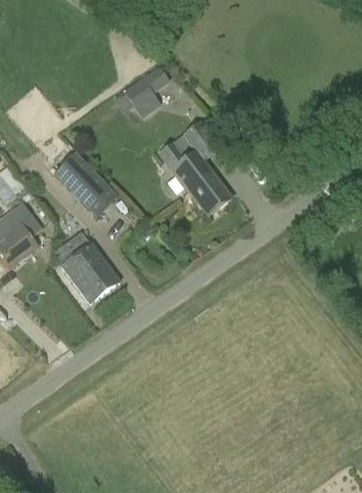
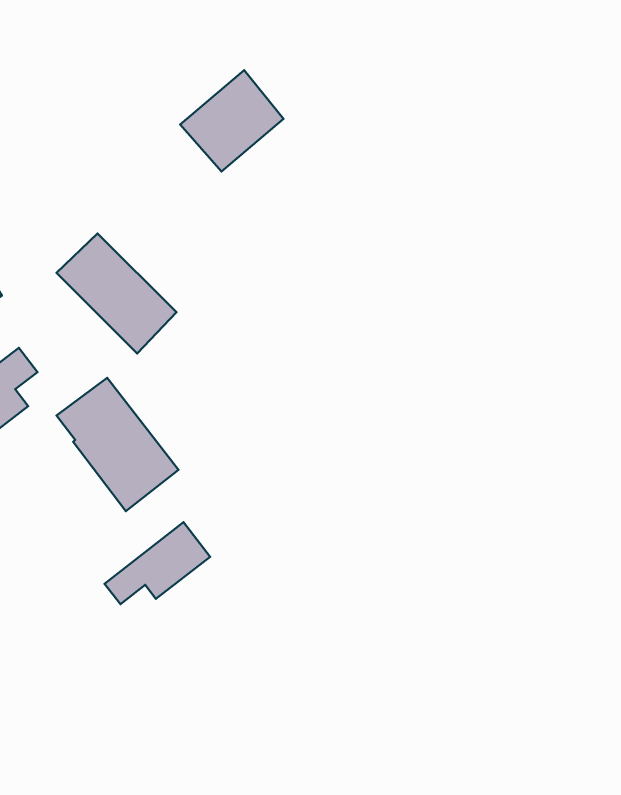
building: [157,120,230,213] -> none
building: none -> [105,522,210,604]

